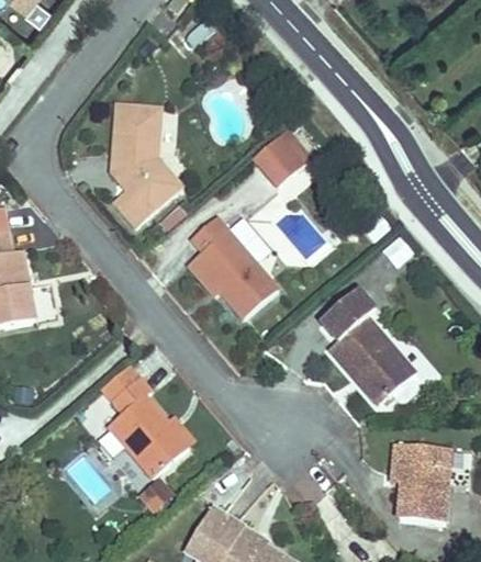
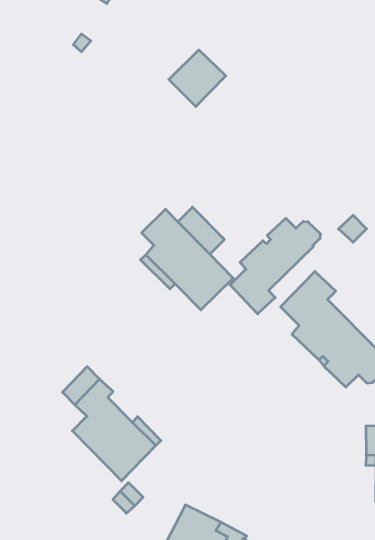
building: [111,104,181,226] -> none
building: [253,132,309,187] -> [169,50,226,107]
building: none -> [230,218,320,314]

